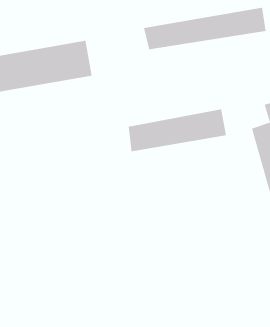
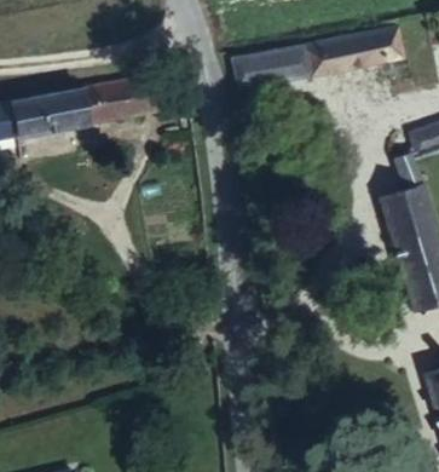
building: [128,109,226,152] -> none

